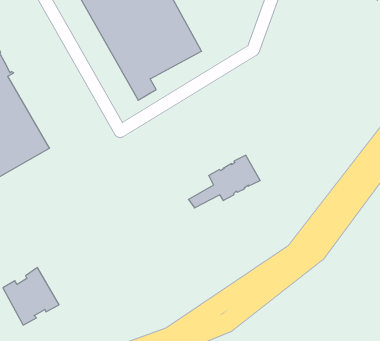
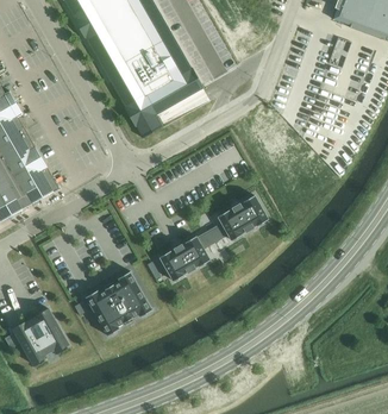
building: none -> [157,236,208,281]
building: none -> [83,270,150,335]

